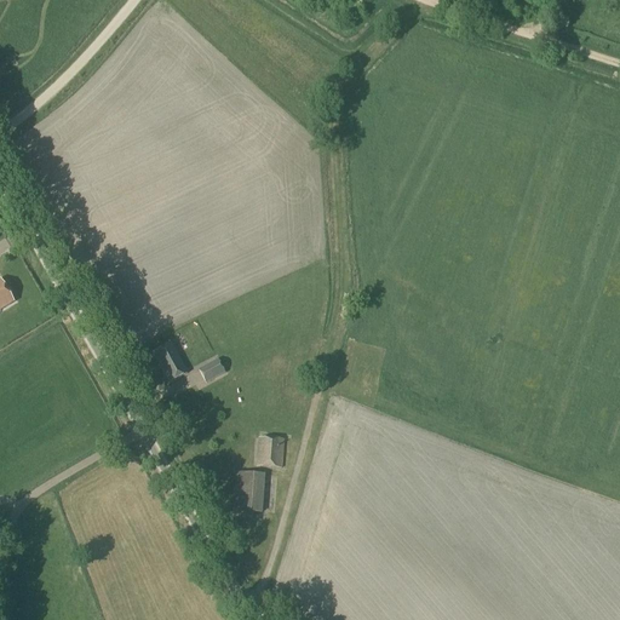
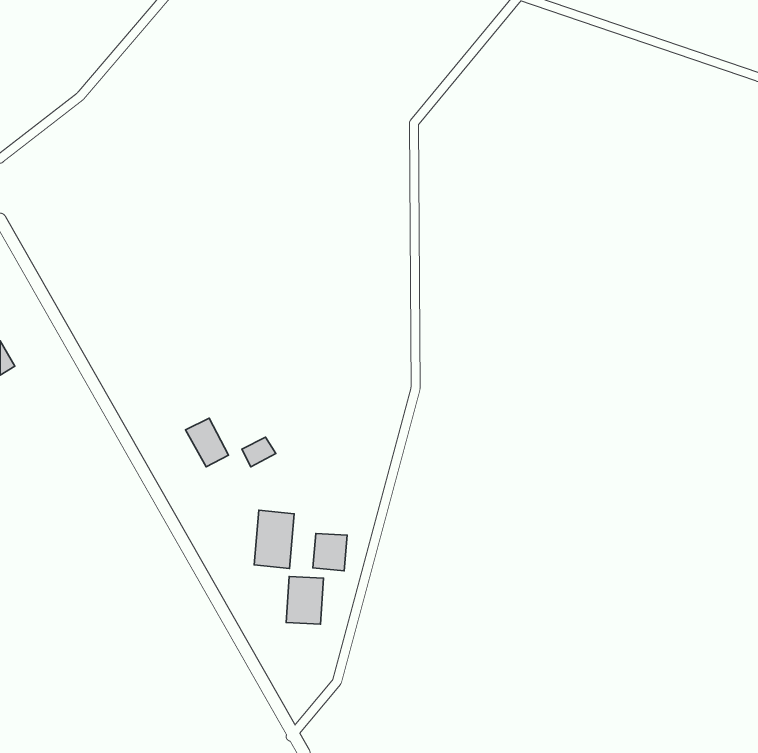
building: none -> [254,510,294,569]

